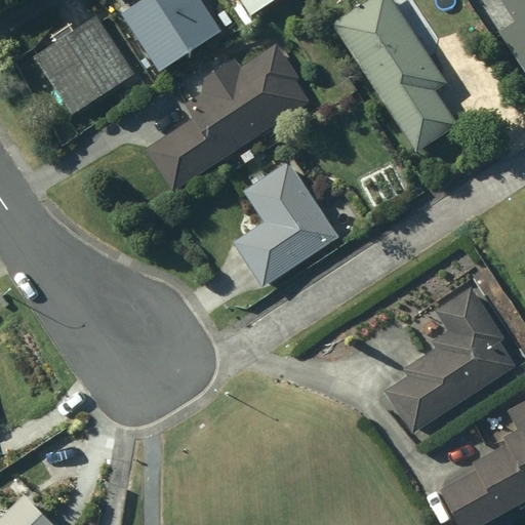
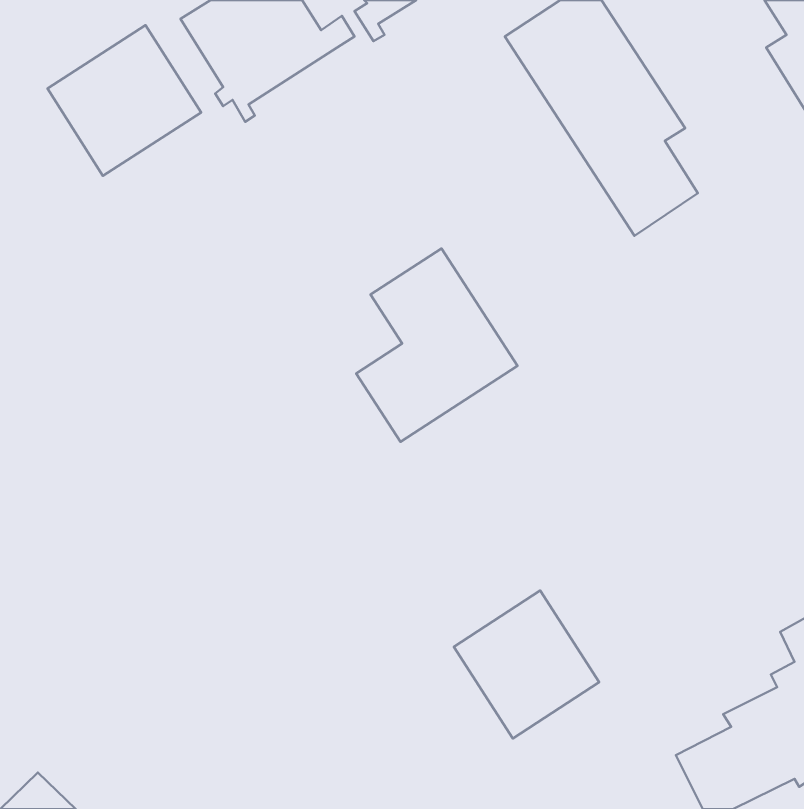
building: [144,43,310,192] -> none
building: [387,286,516,432] -> none
building: none -> [454,590,599,739]

